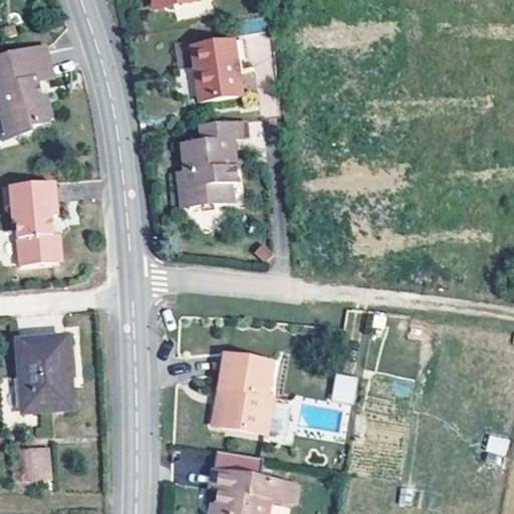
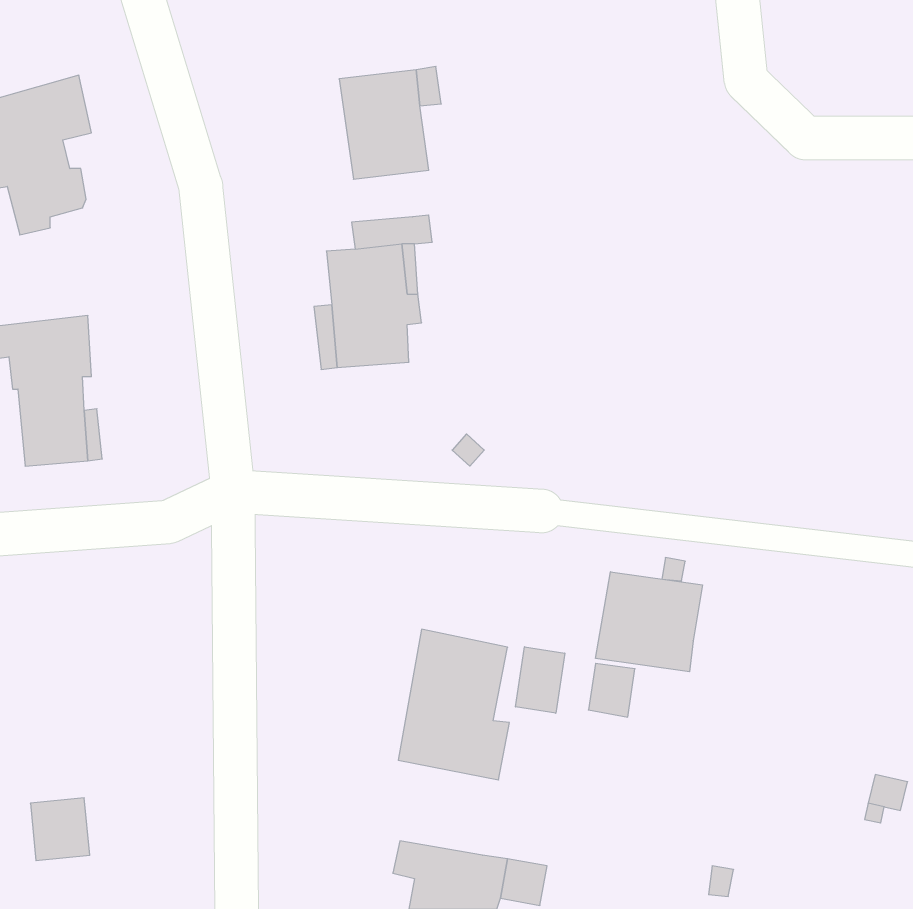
building: none -> [596,572,702,672]
building: [15,335,70,411] -> none
building: none -> [516,647,565,713]
building: [224,451,273,479] -> none

